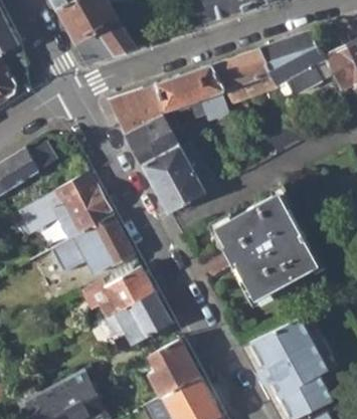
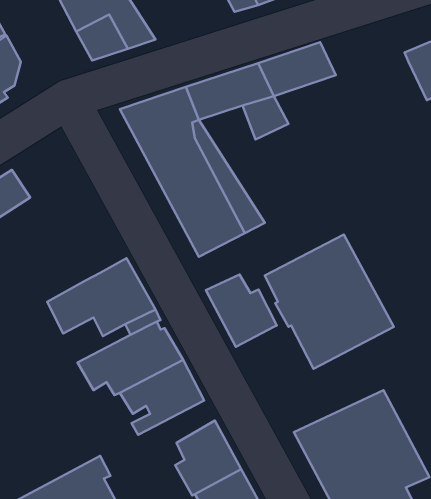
building: [259,31,327,81] -> none
building: [62,183,112,231] -> none
building: none -> [206,274,277,347]

